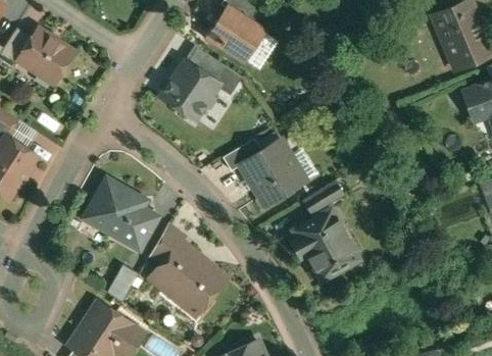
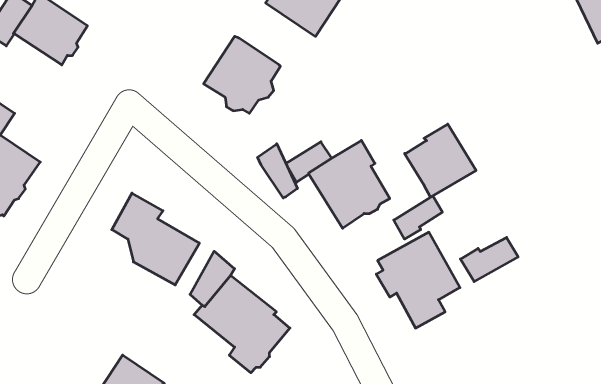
building: [188,47,229,83] -> none
building: none -> [405,124,476,197]
building: none -> [258,144,297,198]
building: none -> [460,237,518,282]
building: [108,265,140,302] -> none

